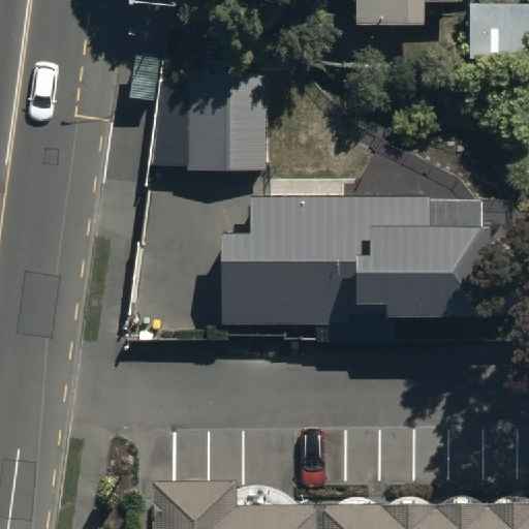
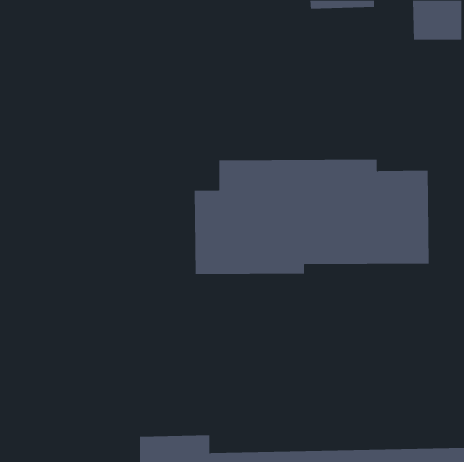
building: [155,74,267,168] -> none

